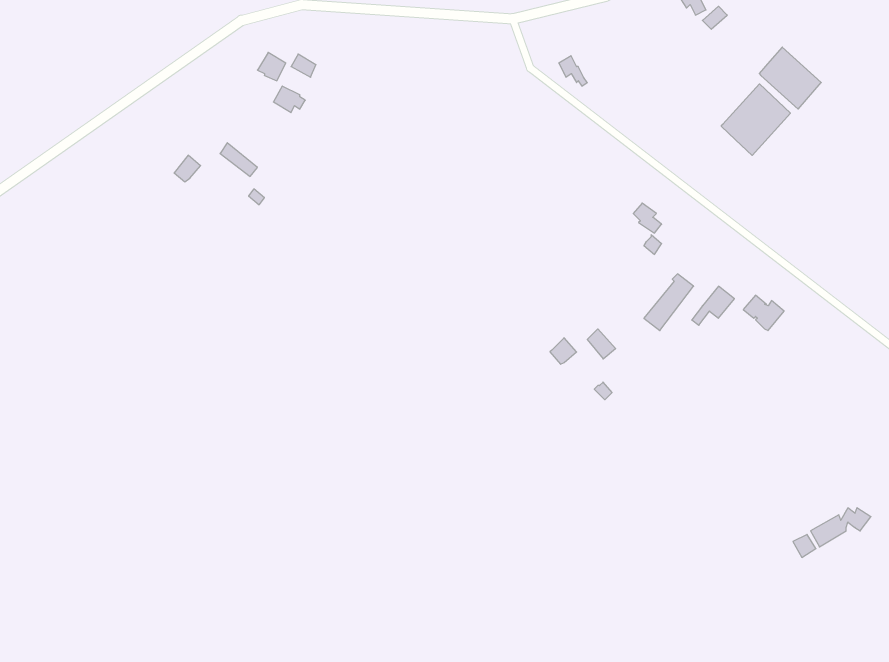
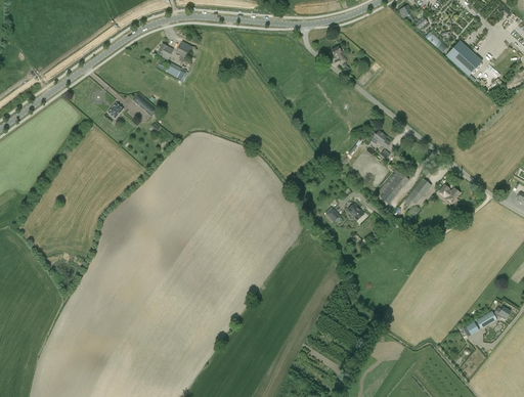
building: [721,84,790,155] -> none

